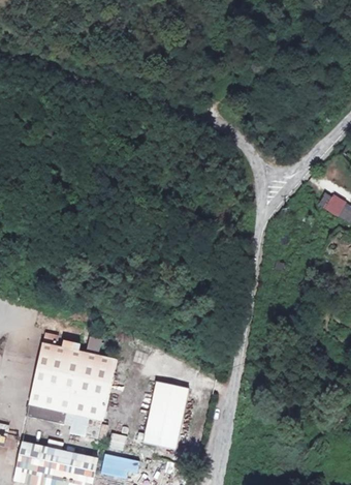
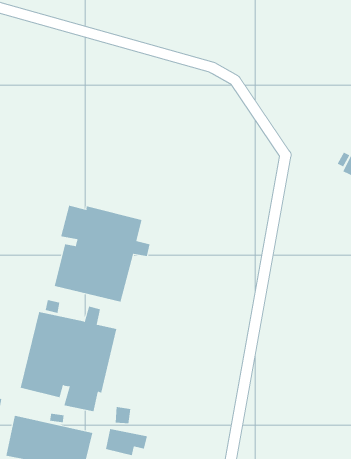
building: none -> [54,205,150,303]
building: [142,381,190,449] -> none

